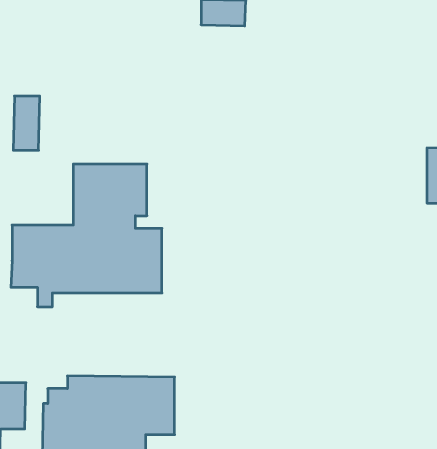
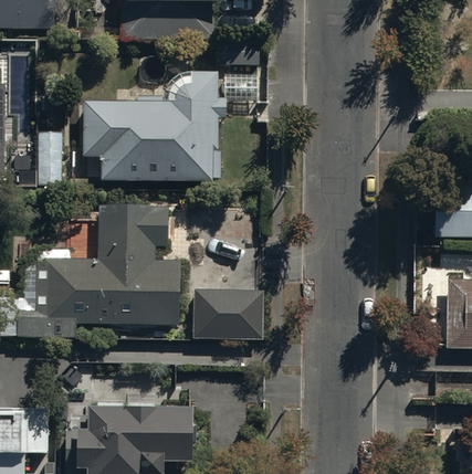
building: none -> [81,71,225,179]
building: none -> [212,289,264,338]

